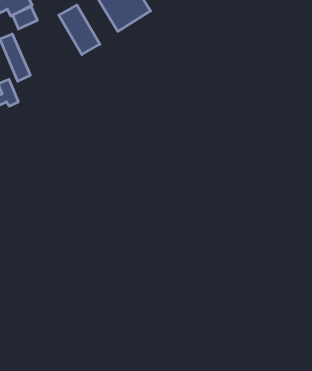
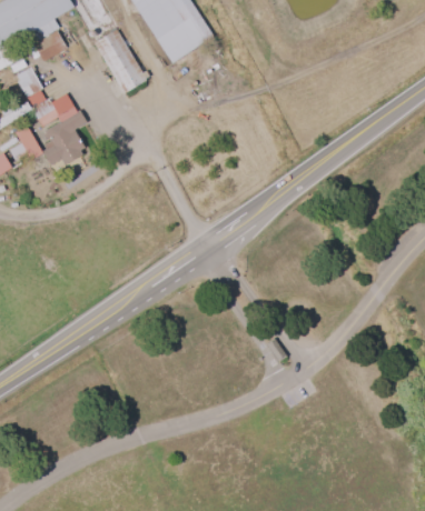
building: none -> [41,91,86,163]

